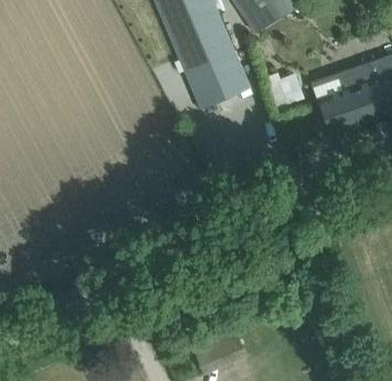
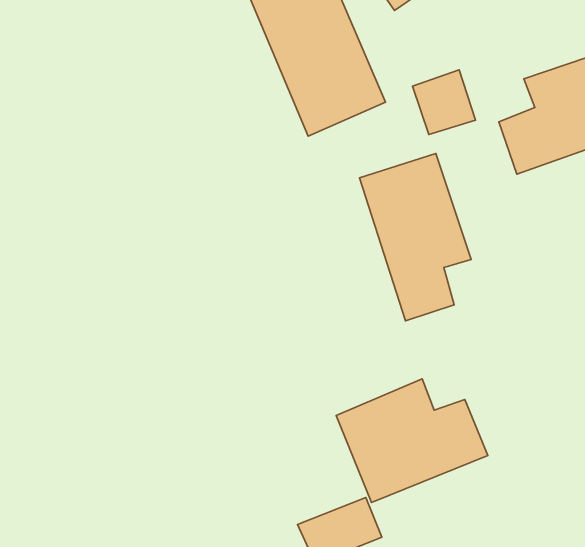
building: none -> [360,154,471,321]
building: none -> [336,379,488,503]

